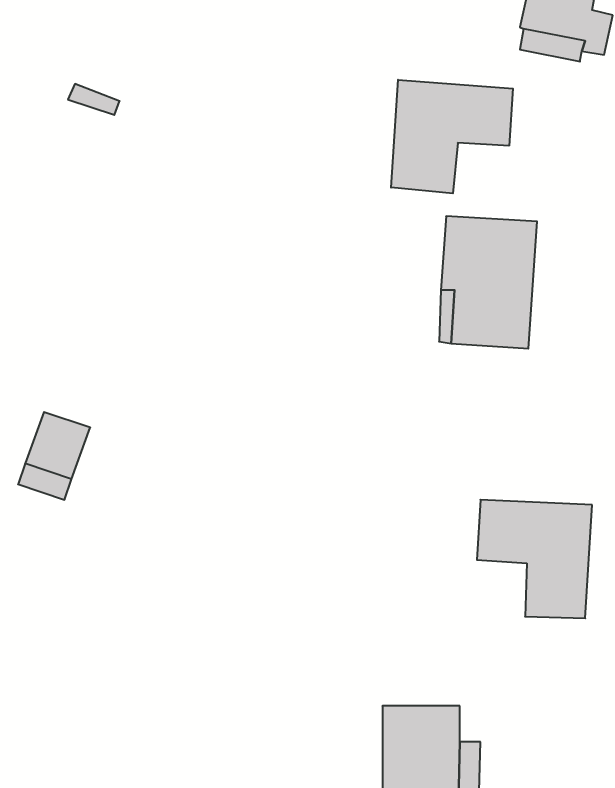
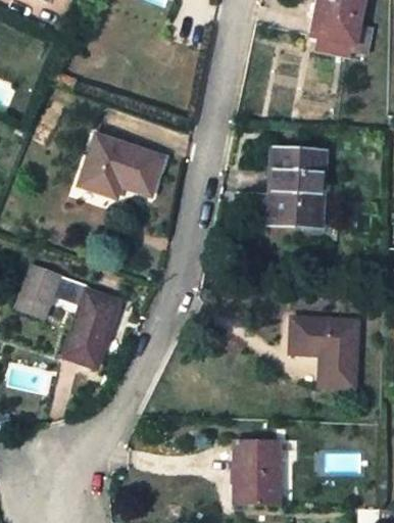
building: [391,80,513,193] -> none
building: none -> [79,134,162,198]
building: none -> [62,289,118,368]

